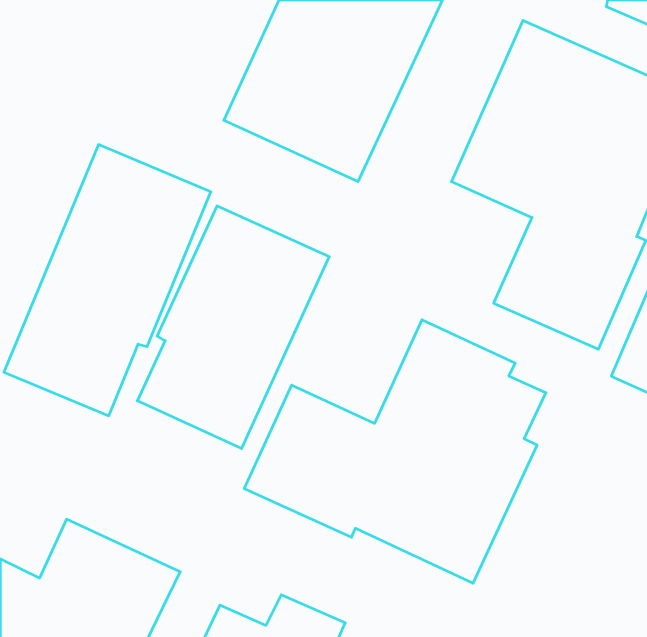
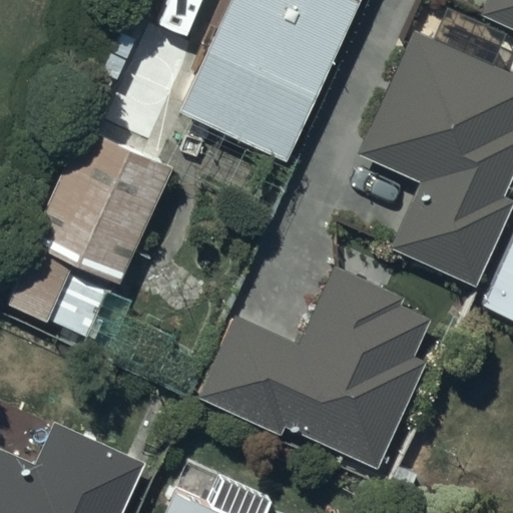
building: [137,206,329,449] -> none

